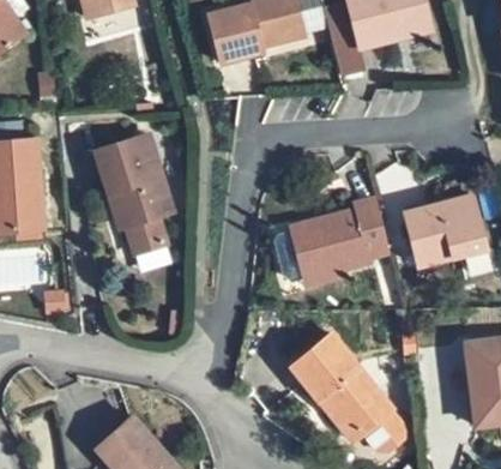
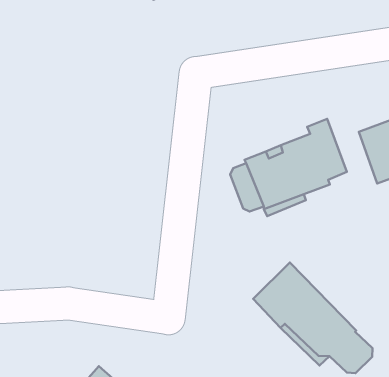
building: [90,136,164,252] -> none

